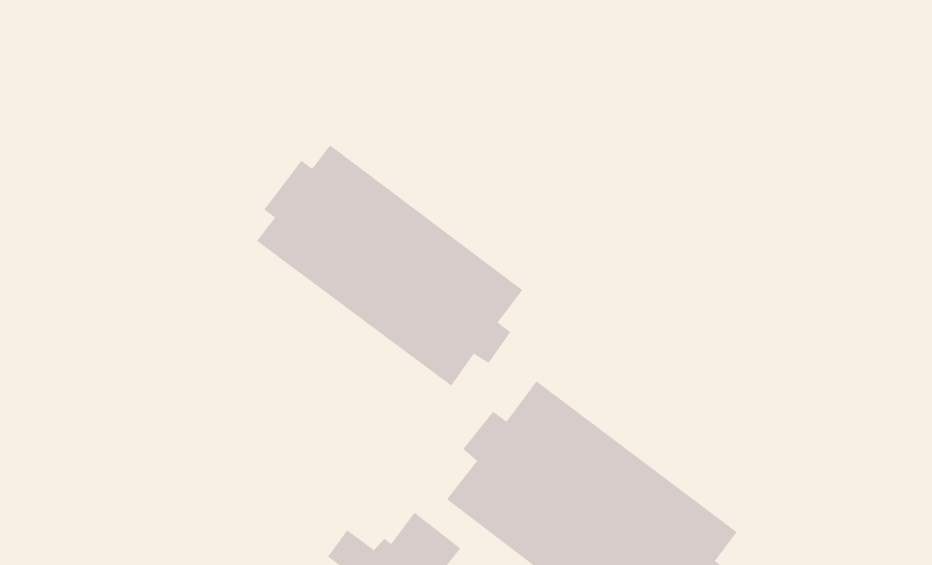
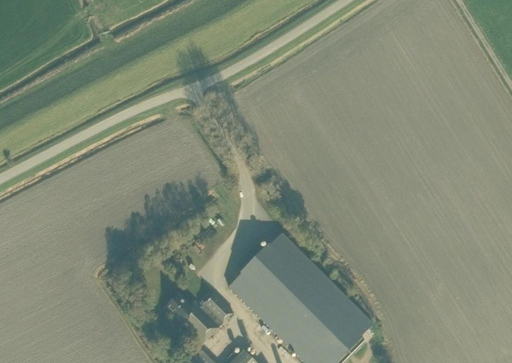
building: [256,145,523,386] -> none

